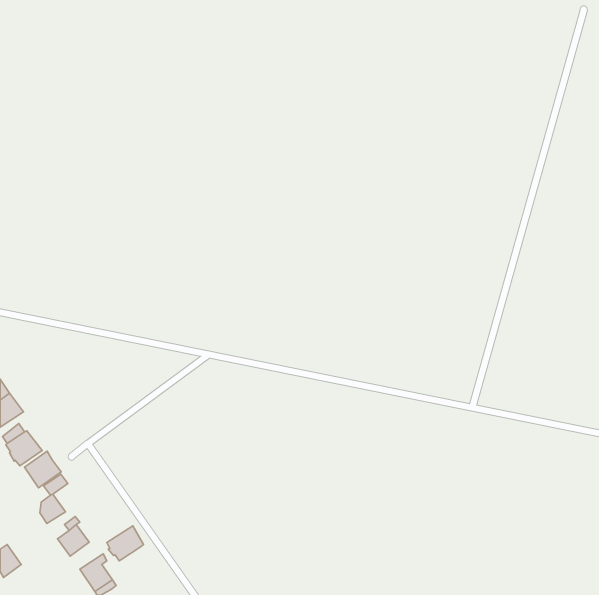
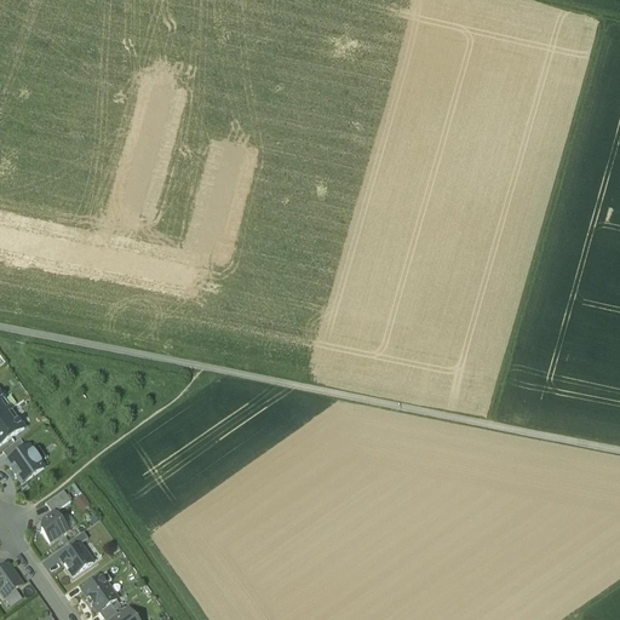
building: [24,451,61,488] -> none
building: [107,526,143,561] -> none

